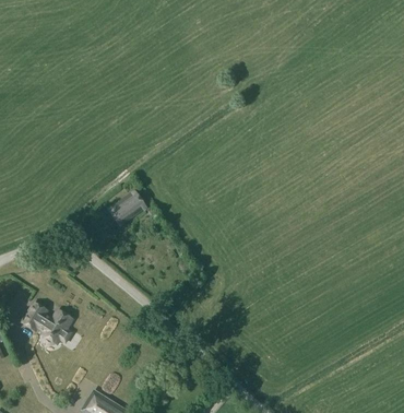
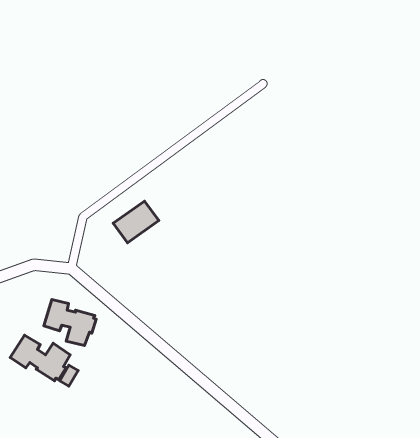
building: none -> [44,299,96,345]

